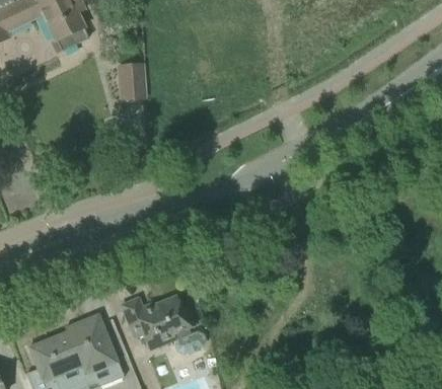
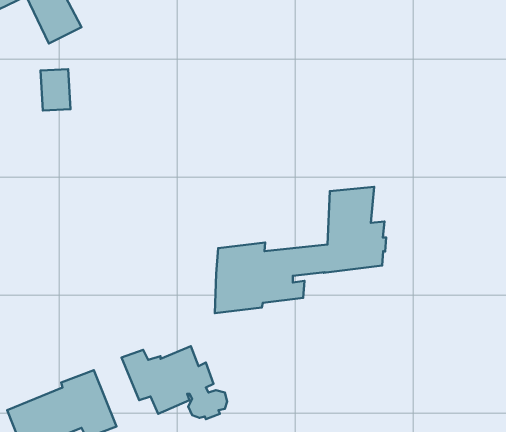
building: [120,65,144,98] -> [40,69,71,111]
building: none -> [215,187,386,313]

